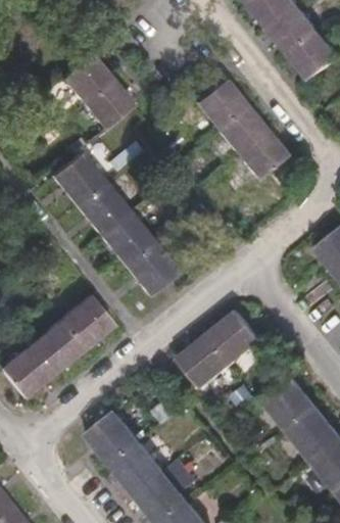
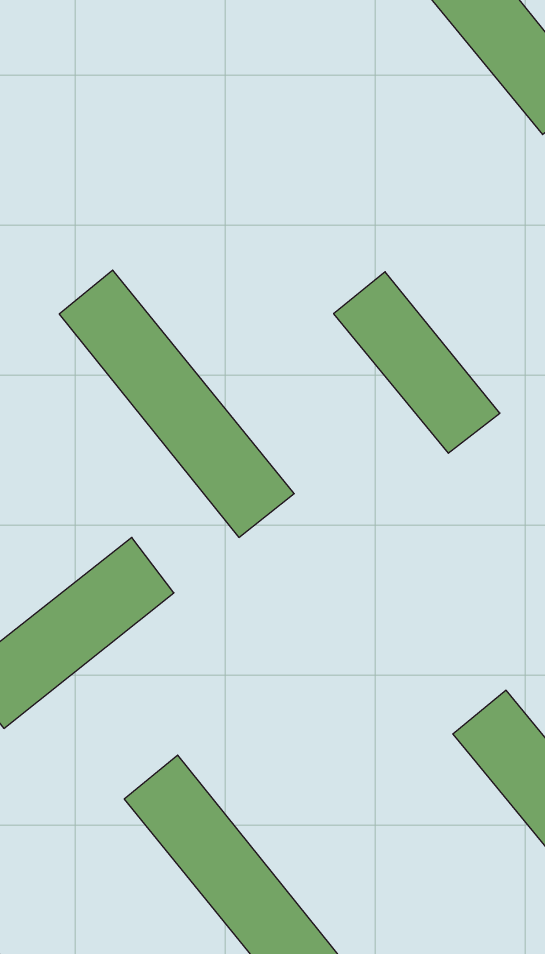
building: [60,53,130,128] -> none
building: [193,79,282,176] -> [334,272,500,453]
building: [177,311,260,388] -> none

